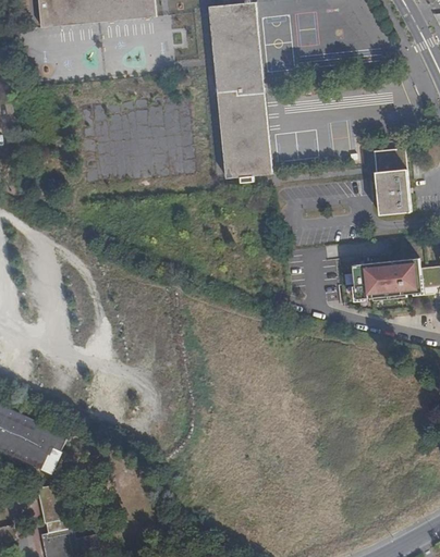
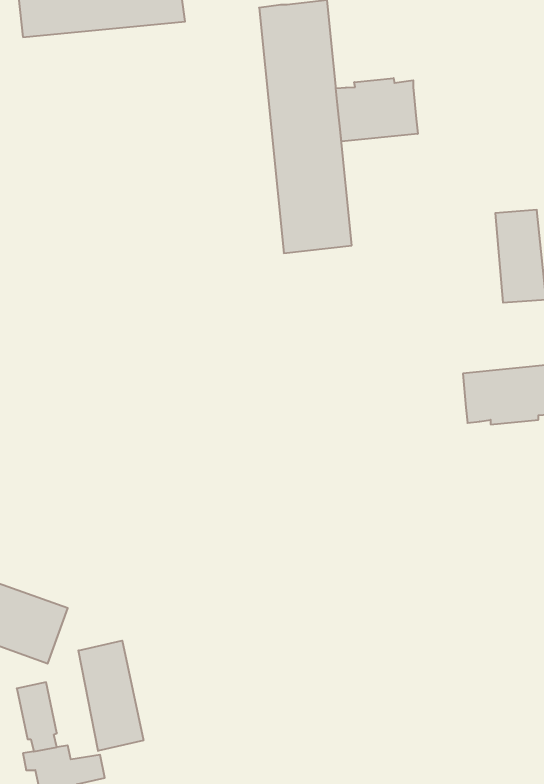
building: none -> [336,78,418,142]
building: none -> [78,641,143,751]

